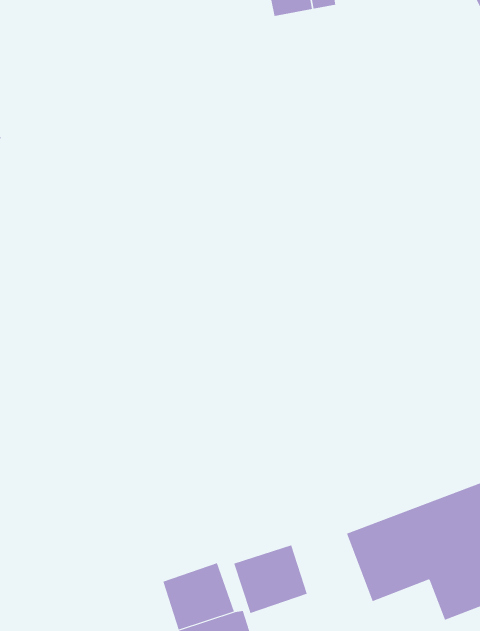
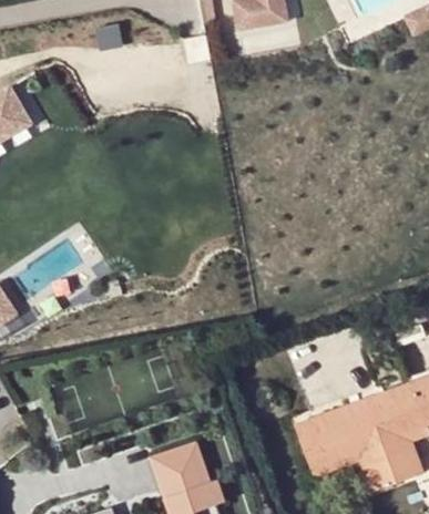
building: [233,545,308,614] -> none

